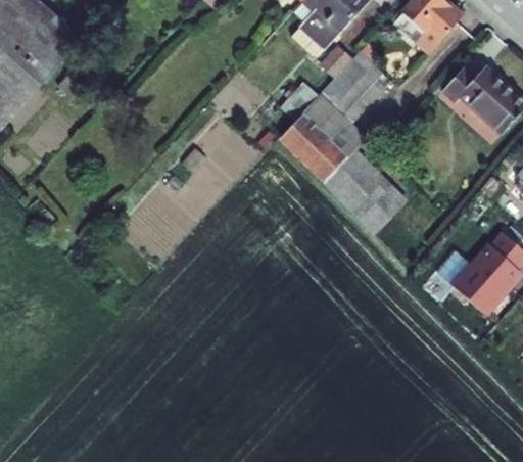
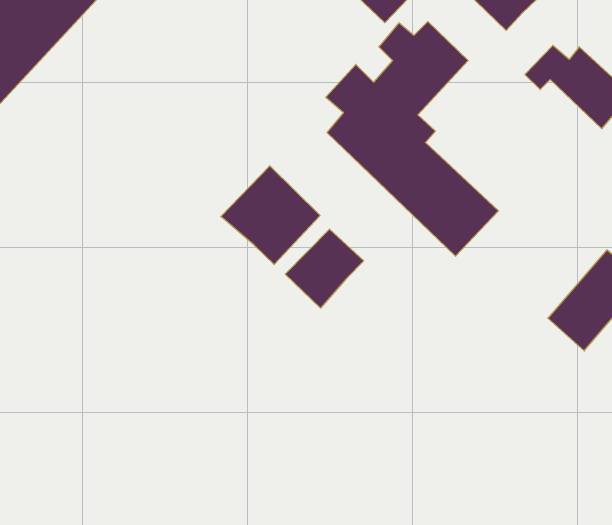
building: none -> [221,166,320,265]
building: none -> [285,229,364,308]

